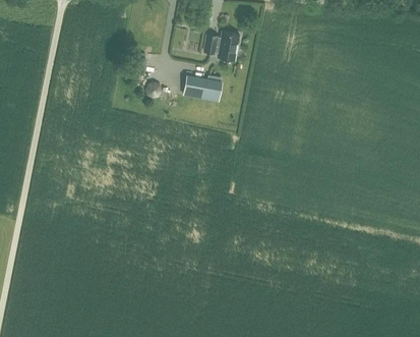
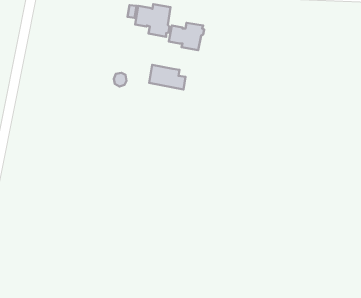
building: none -> [135,4,171,37]

